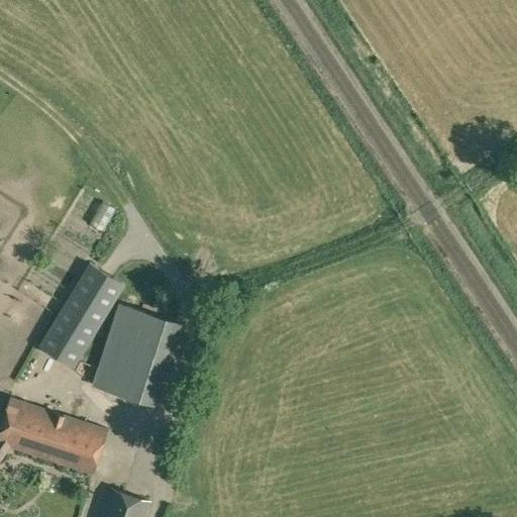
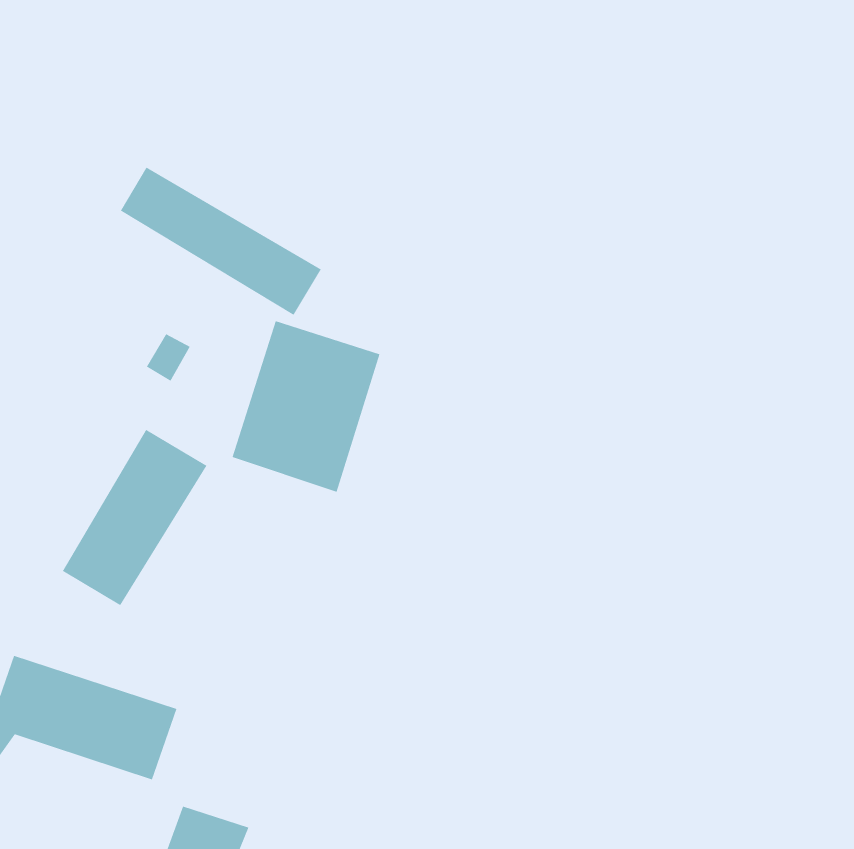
building: none -> [120,166,322,316]
building: [91,304,181,408] -> [232,320,381,493]

